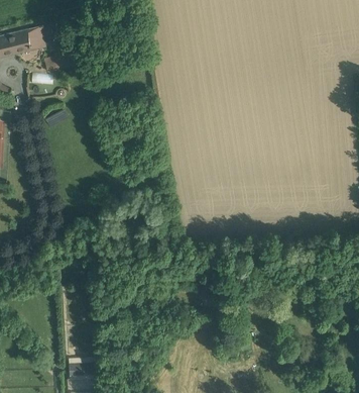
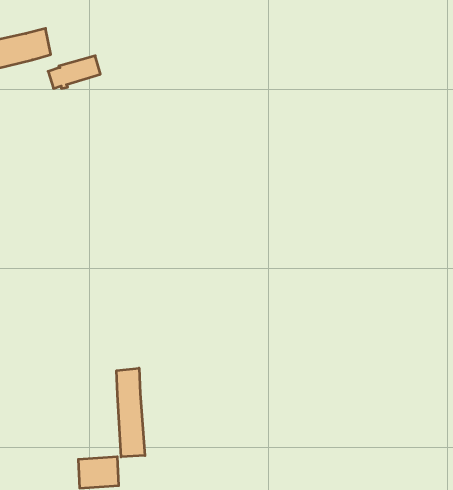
building: none -> [117,368,145,457]

